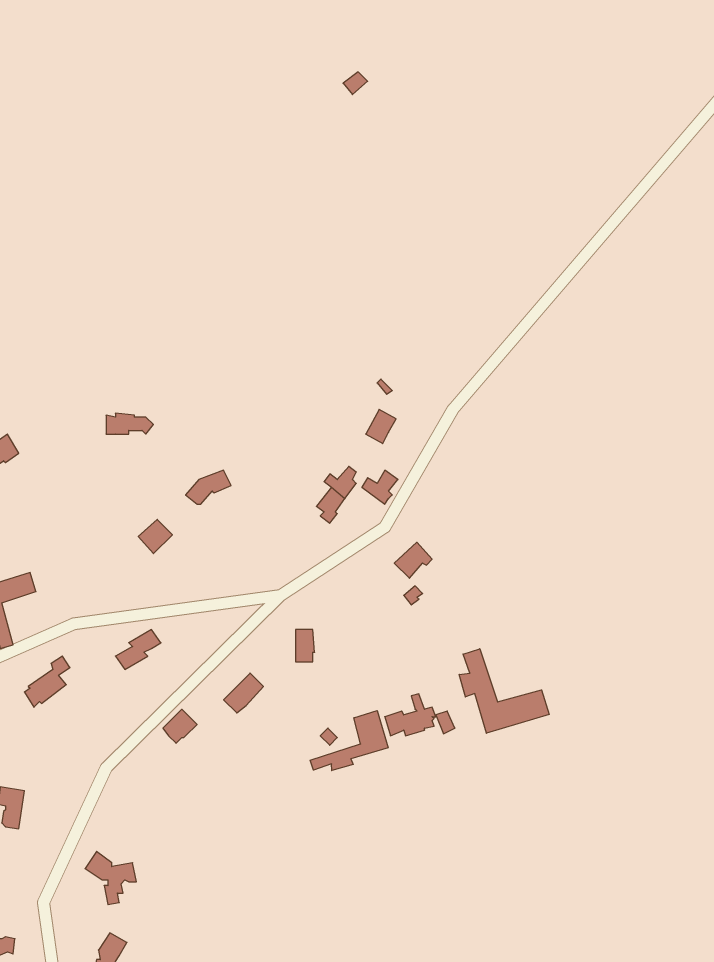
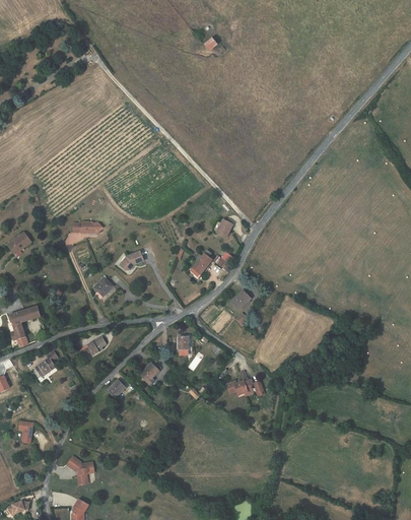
building: [459,649,549,733] -> none
building: [310,711,388,771] -> none

